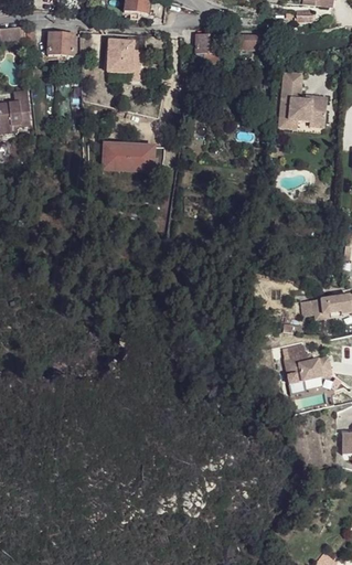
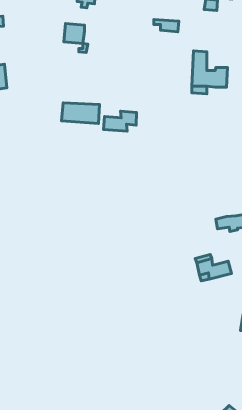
building: [49,32,74,55] -> none
building: [194,33,220,64] -> none
building: none -> [103,111,136,131]

